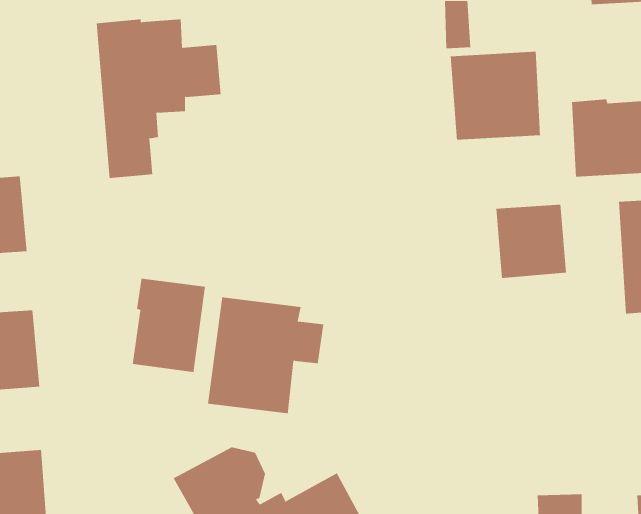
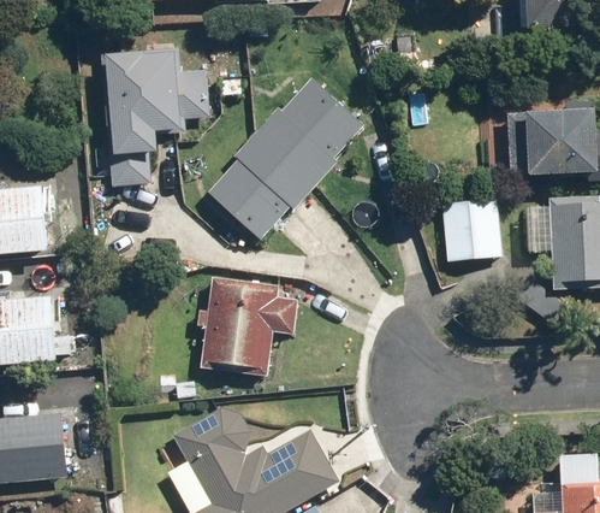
building: [450,51,541,140] -> none
building: none -> [209,79,366,243]
building: [132,278,205,373] -> none

